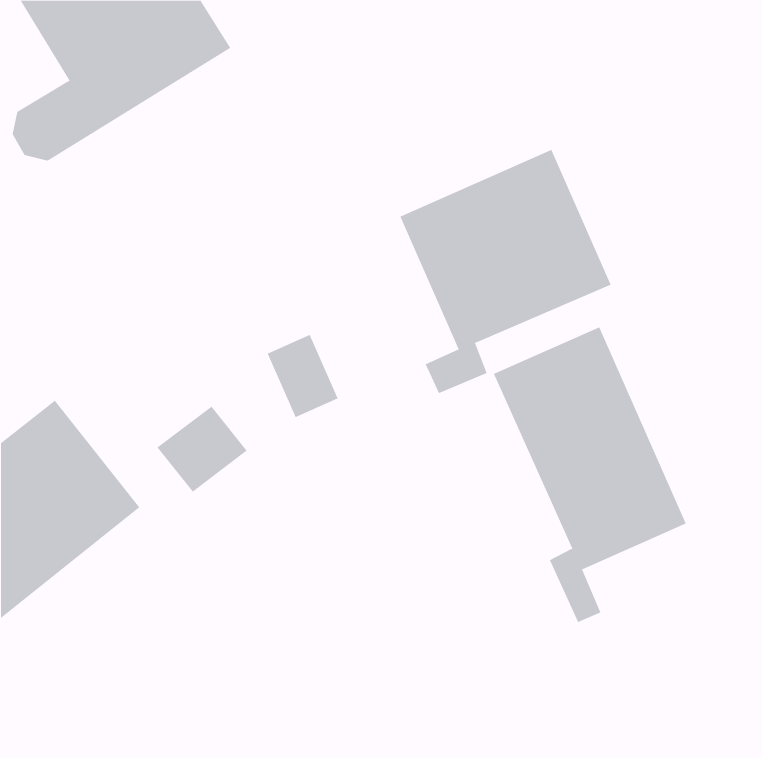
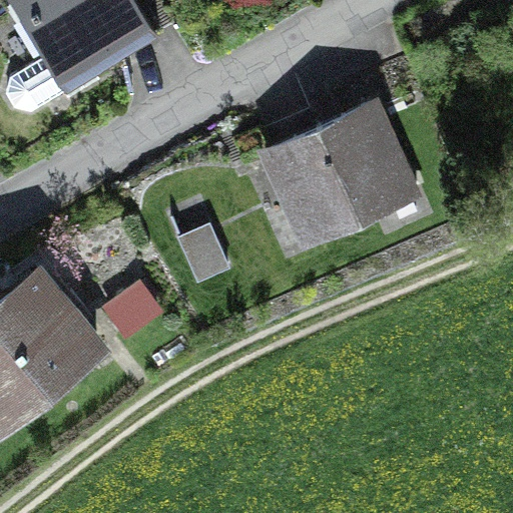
building: [493,326,686,623] -> none

